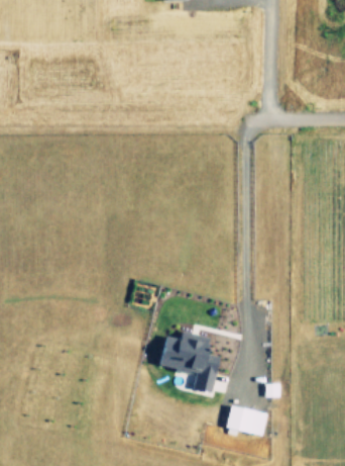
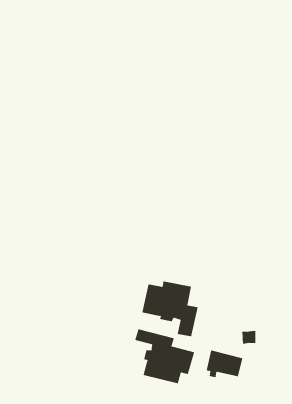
building: none -> [135,329,195,384]

